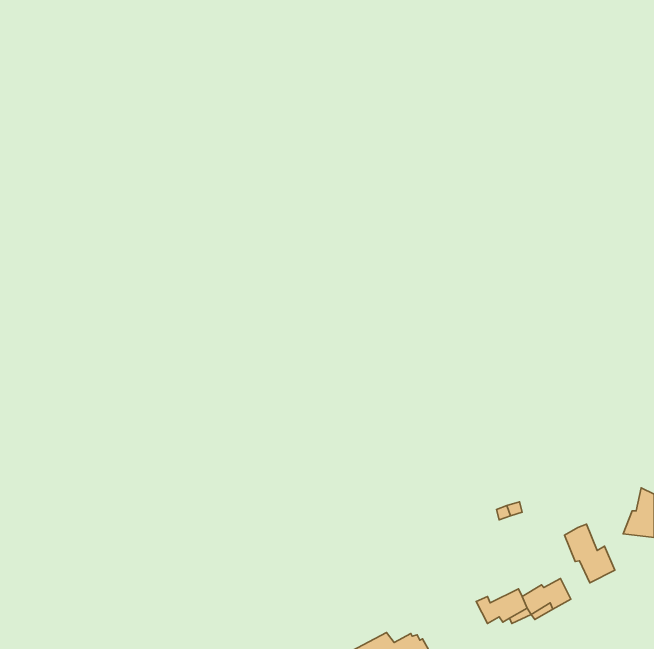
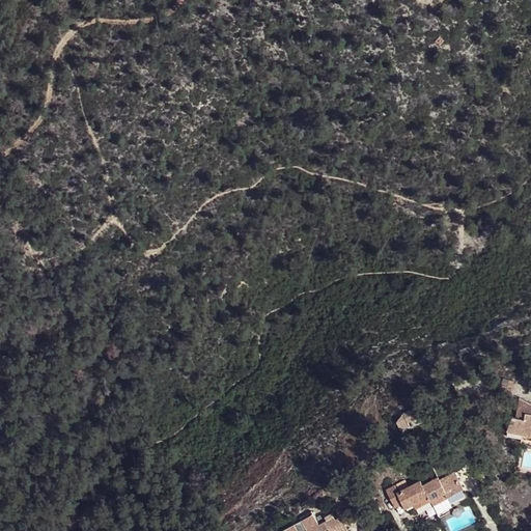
building: [564,524,615,583] -> none

